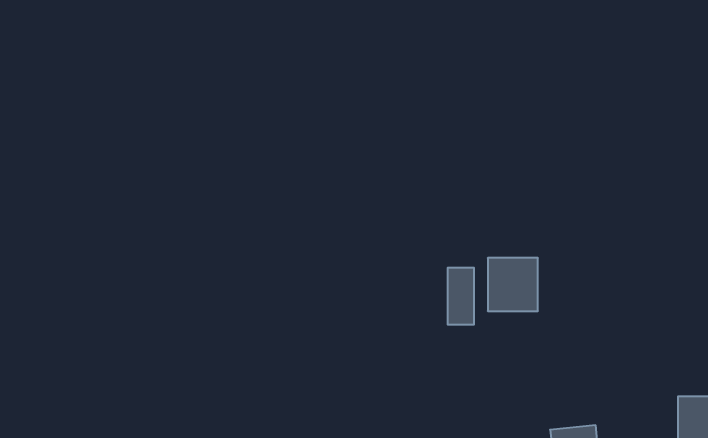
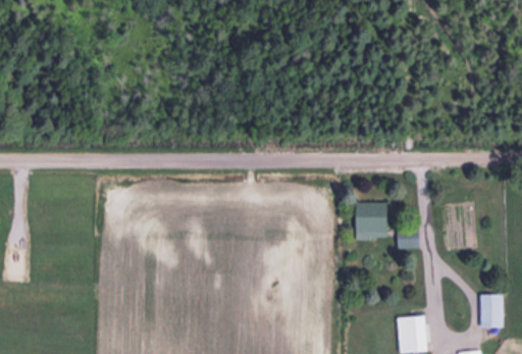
building: [448,268,474,325] -> none

